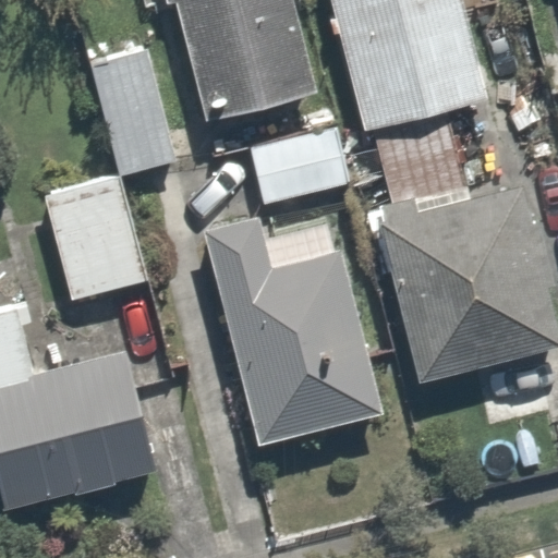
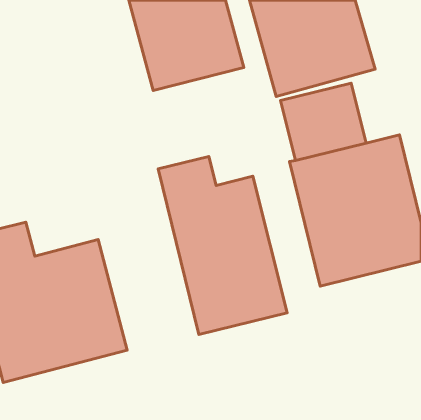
building: [87,44,177,167] -> none
building: [242,124,359,207] -> none
building: [36,173,149,306] -> none

